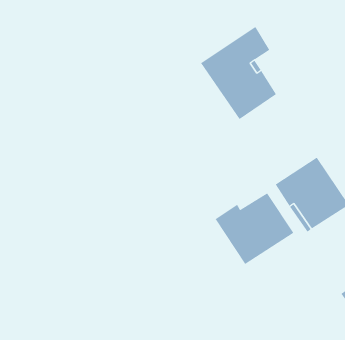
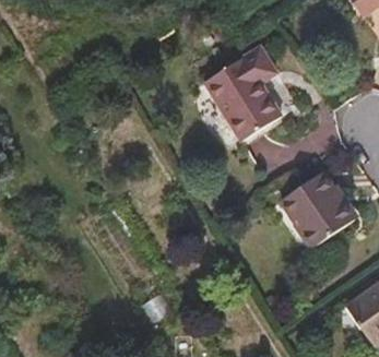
building: [215,193,294,265] -> none

